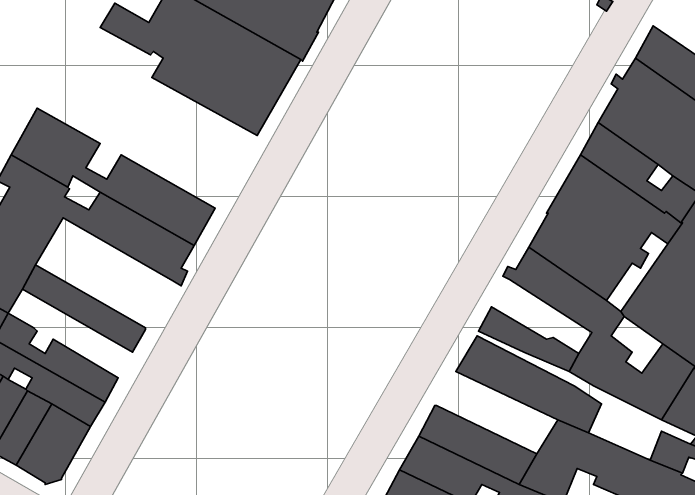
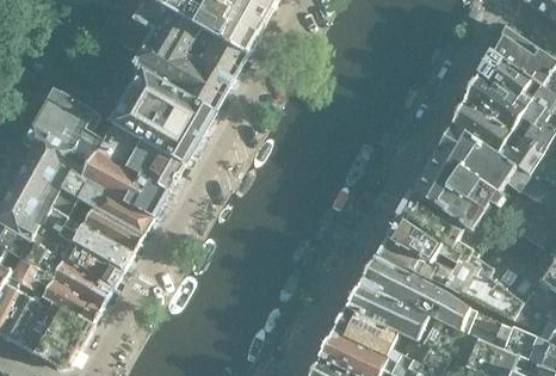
building: none -> [106,66,215,162]
building: none -> [51,169,153,251]
building: none -> [388,215,462,270]
building: none -> [31,222,123,288]
building: none -> [347,283,437,344]
building: none -> [459,307,513,349]

